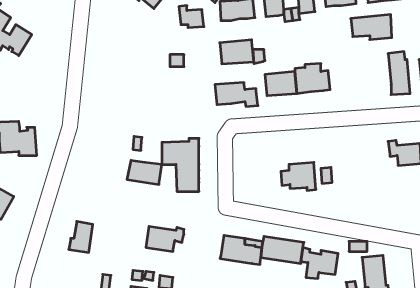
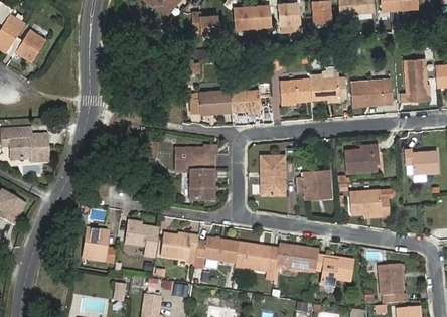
building: [351,15,392,40] -> [350,78,392,104]
building: [220,40,254,64] -> [197,89,232,113]
building: none -> [345,144,377,172]
building: none -> [261,156,285,194]
building: [127,160,162,184] -> [124,223,159,248]
building: none -> [347,189,390,214]
building: none -> [195,237,239,263]

